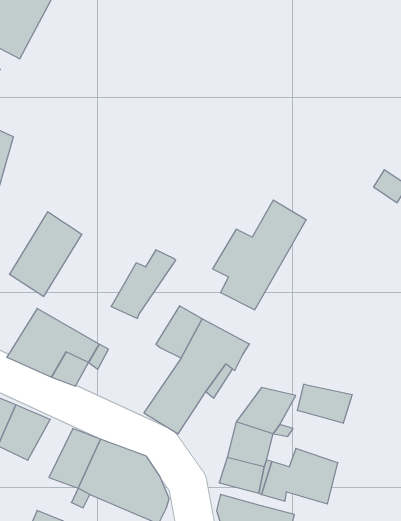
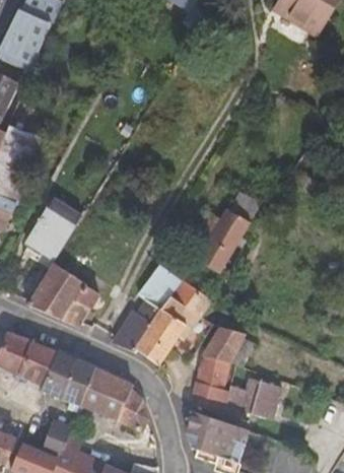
building: [111,250,176,318] -> [110,299,159,352]
building: [297,384,352,423] -> none
building: none -> [40,354,76,399]

